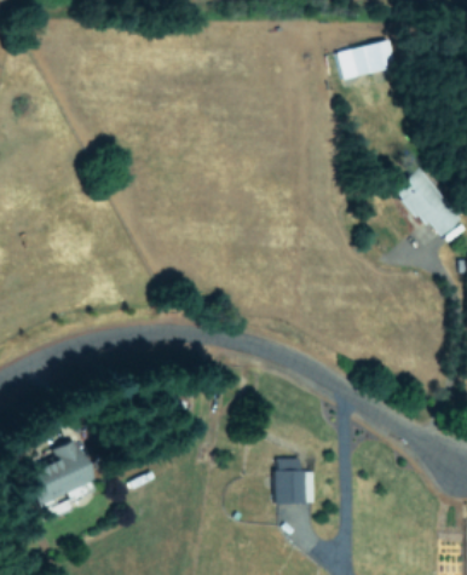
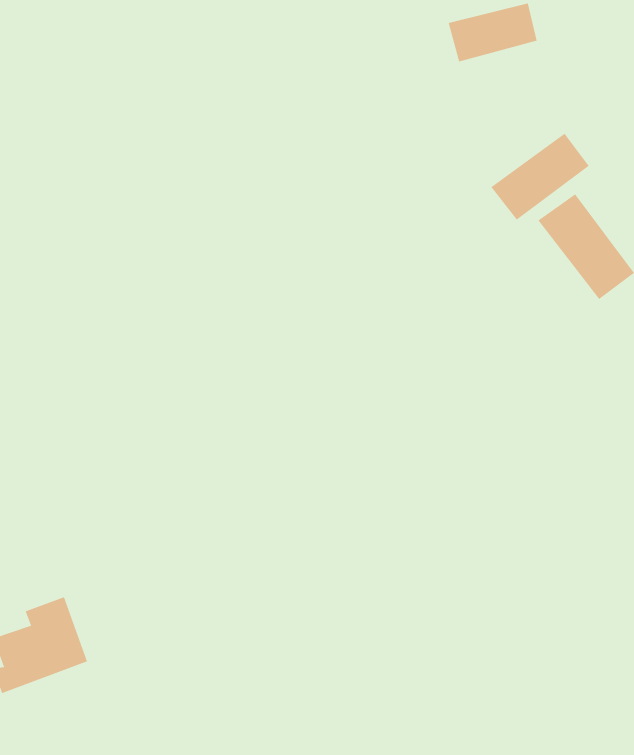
building: none -> [490,133,590,221]
building: [276,459,316,504] -> none

